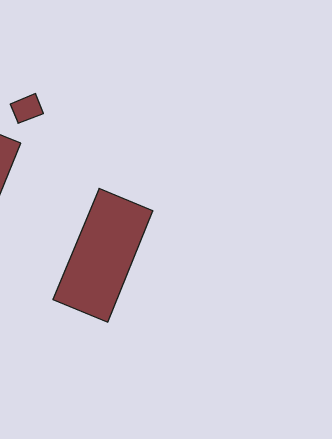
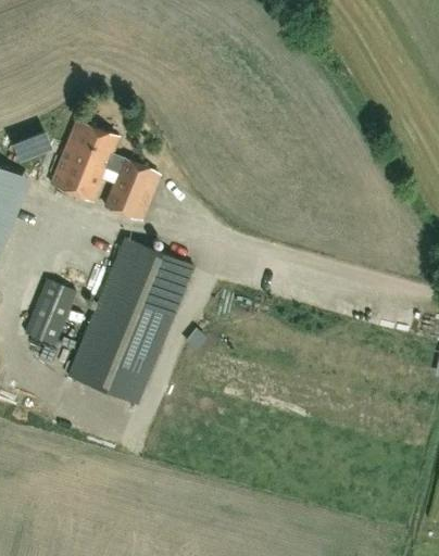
building: none -> [51,121,153,218]
building: none -> [25,280,77,345]

